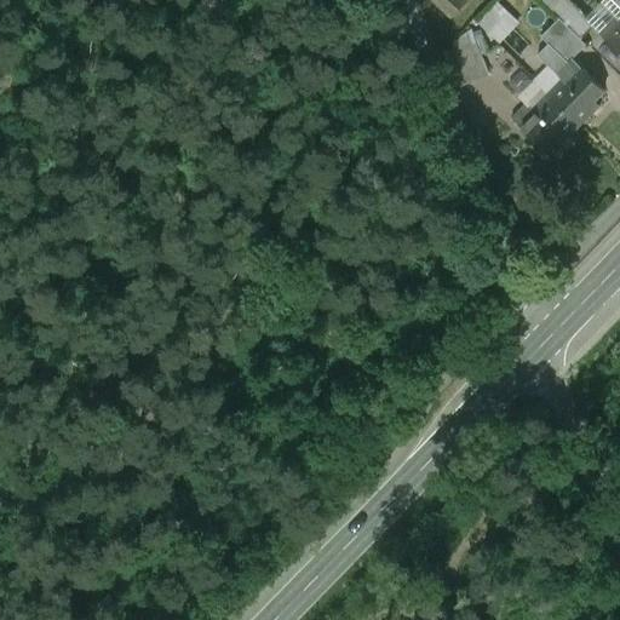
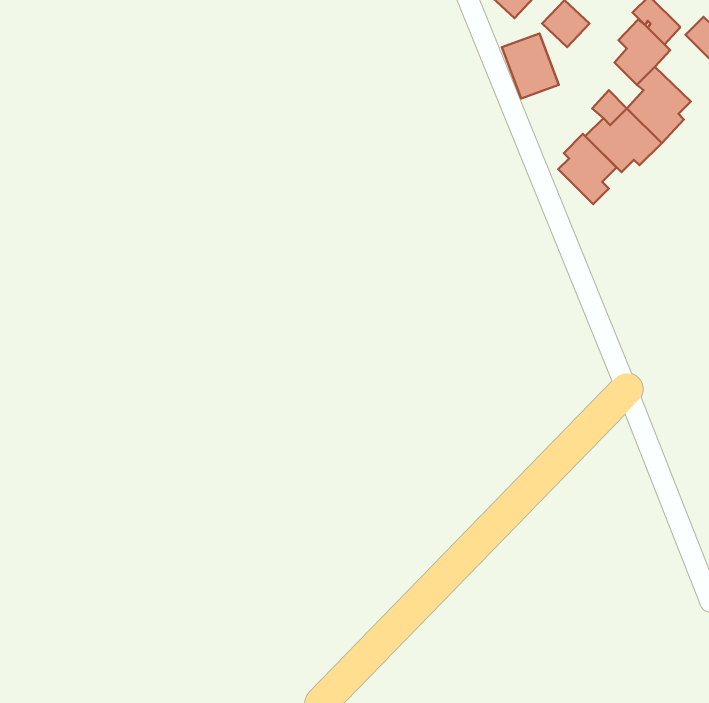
building: none -> [558,134,616,204]

